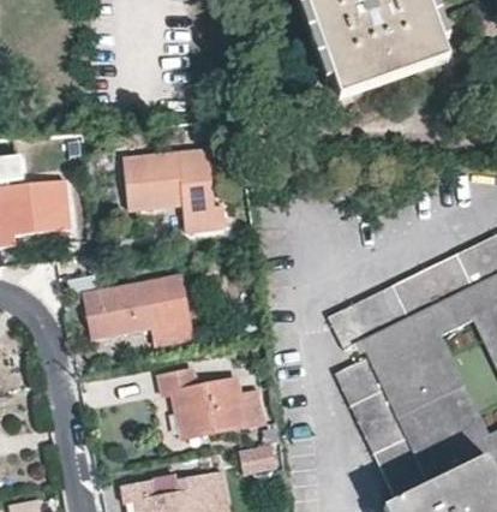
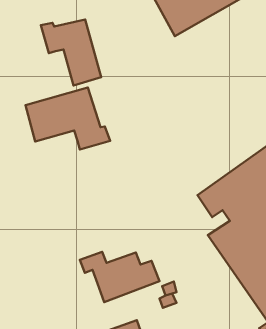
building: none -> [41,19,101,85]
building: [85,279,187,340] -> none

